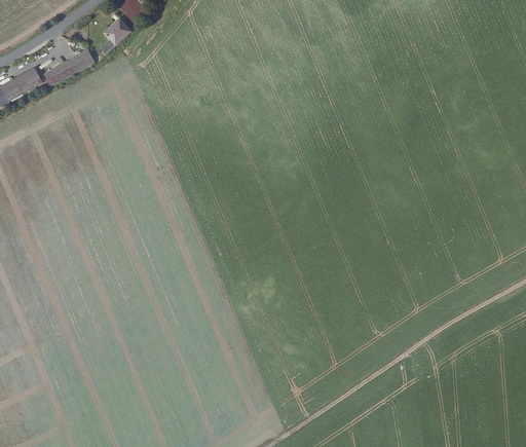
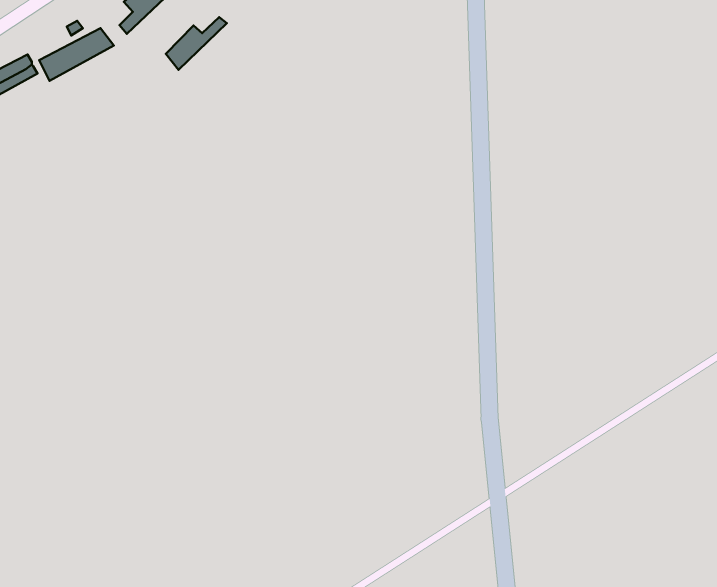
building: none -> [166,17,227,70]

